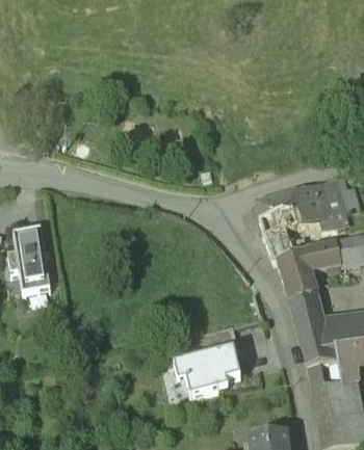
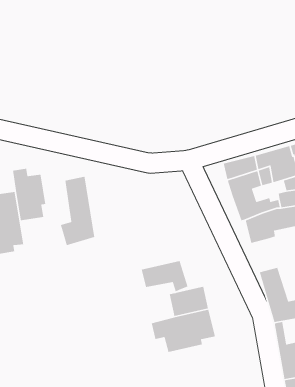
building: none -> [12,168,46,221]
building: none -> [60,176,95,246]
building: [286,279,314,313] -> none
building: none -> [141,260,189,292]

